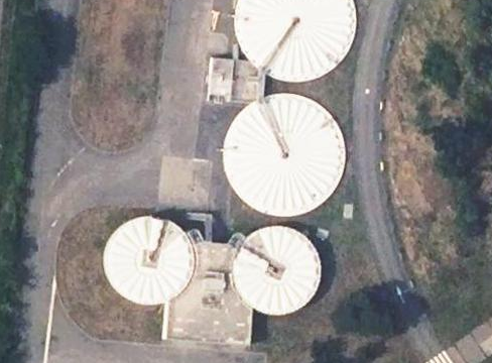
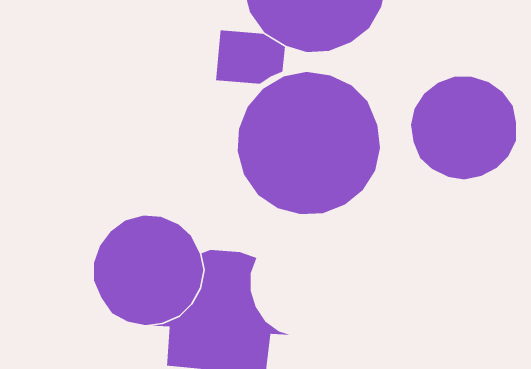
building: none -> [410,76,517,180]
building: [237,228,322,313] -> none

